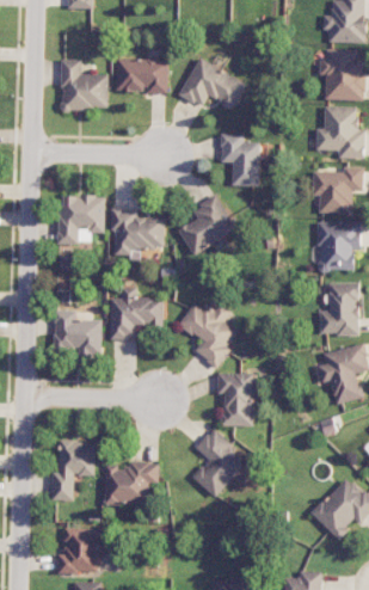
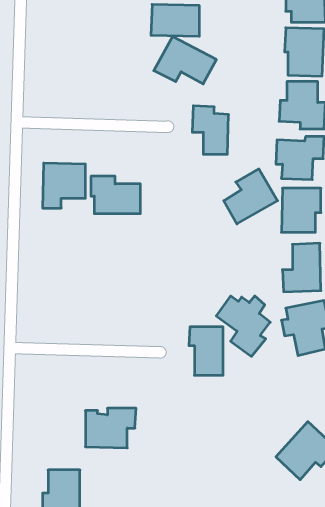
building: [115,59,167,93] -> [151,4,199,36]
building: [60,60,107,111] -> none
building: [178,196,236,256] -> [224,169,278,224]
building: [109,288,162,337] -> none
building: [178,303,236,369] -> [216,296,270,356]
building: [53,311,100,355] -> none
building: [191,430,247,498] -> none
building: [51,441,94,502] -> none

